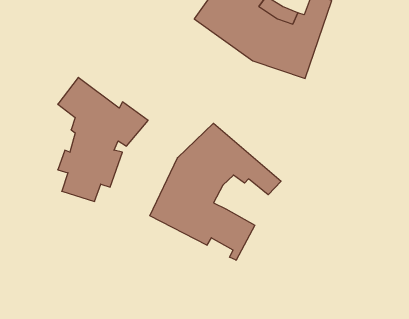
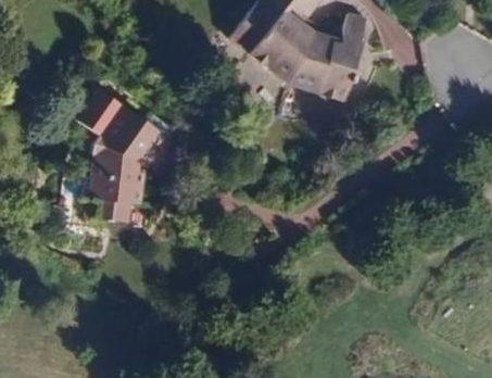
building: [150,123,281,260] -> none

